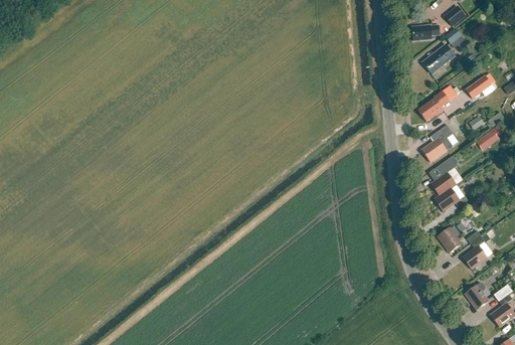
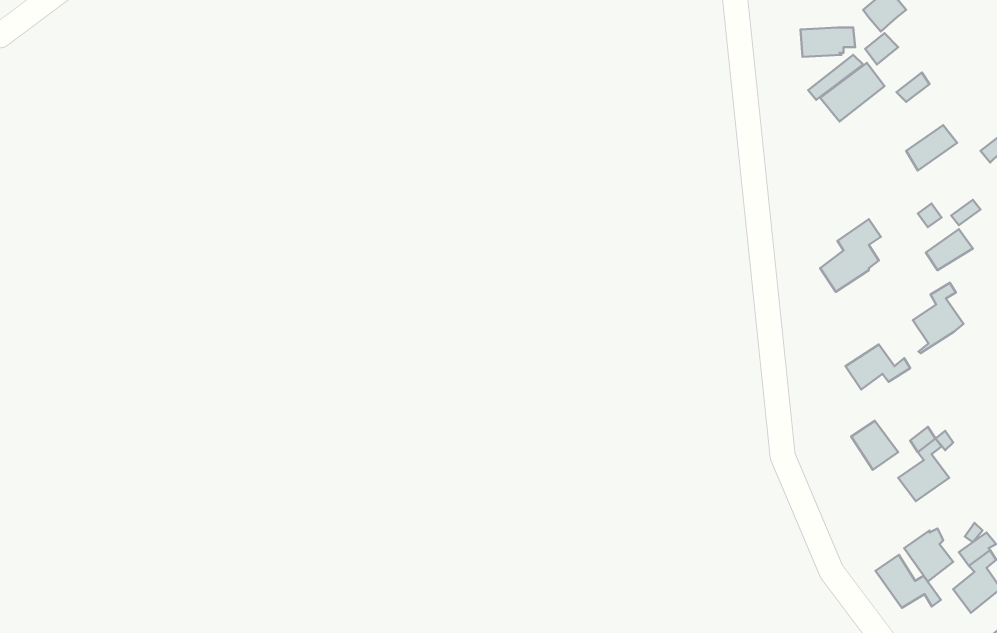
building: [417,91,450,121] -> none
building: [431,163,457,199] -> [913,283,964,353]
building: none -> [876,555,941,608]

